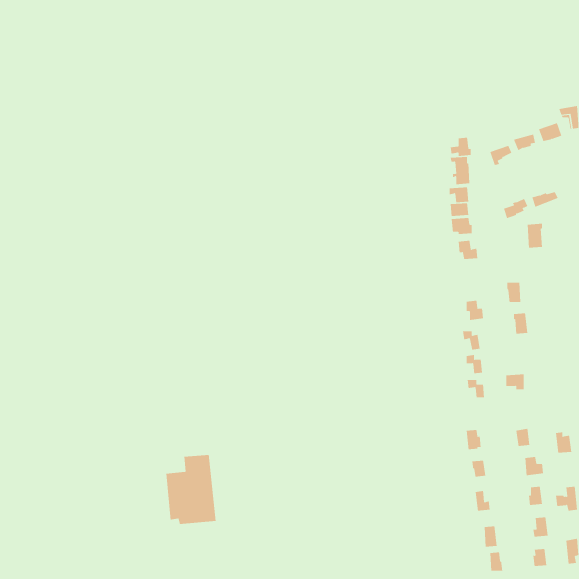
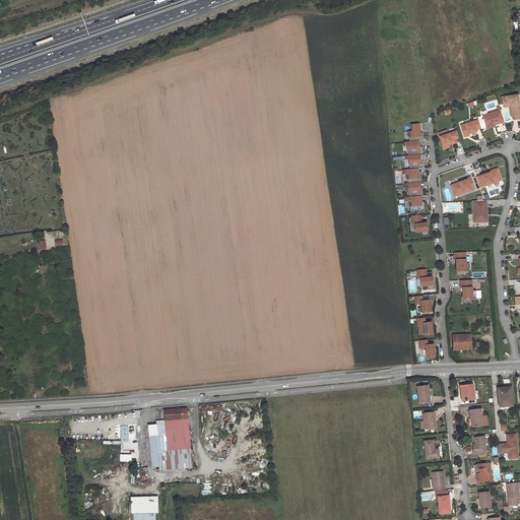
building: none -> [132,498,157,513]

